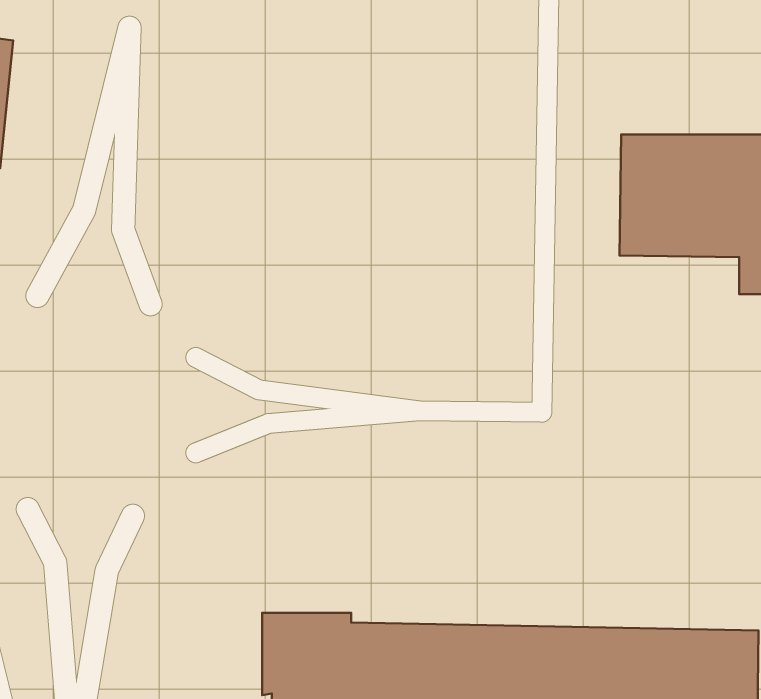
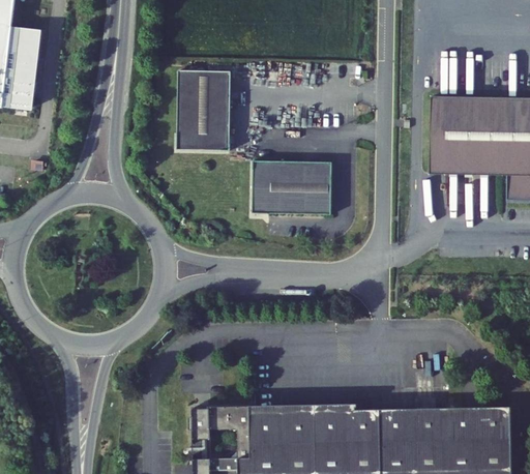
building: none -> [176,71,230,151]
building: none -> [252,160,331,215]

